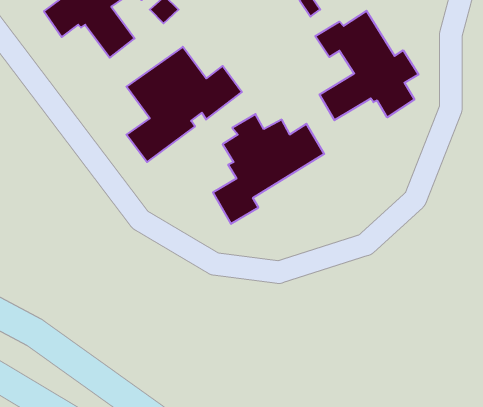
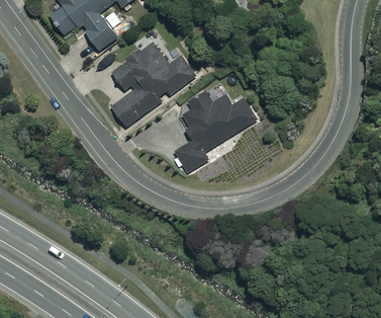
building: [315,11,418,120] -> none

